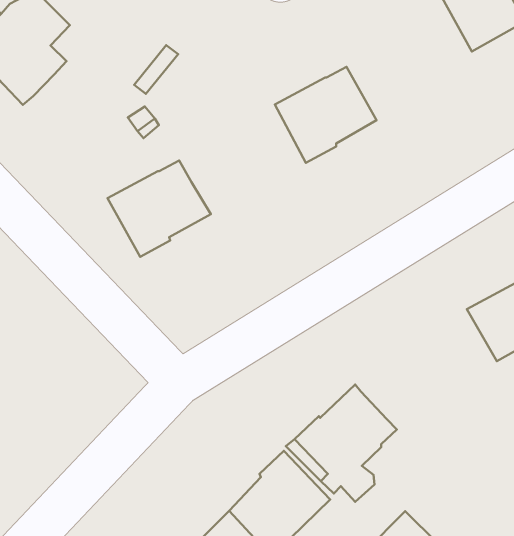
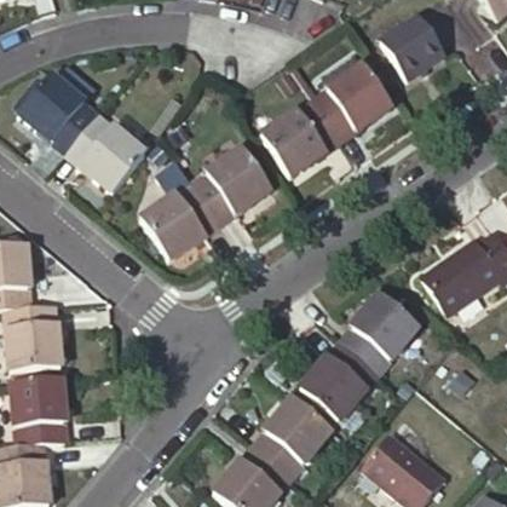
building: none -> [312,65,391,139]
building: none -> [68,116,146,195]
building: none -> [191,148,270,223]
building: none -> [341,294,417,374]

